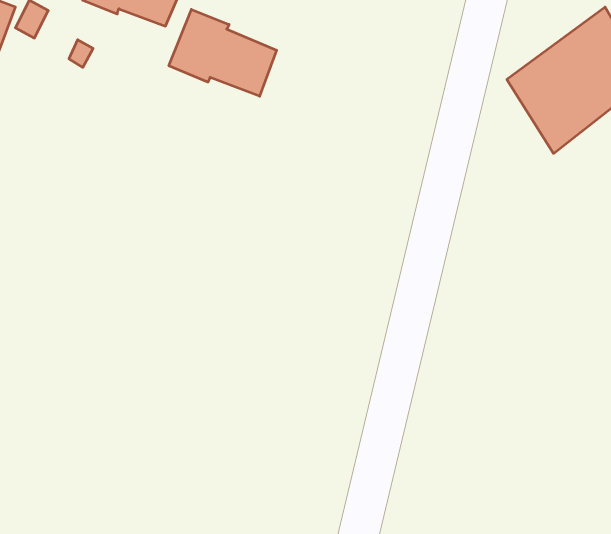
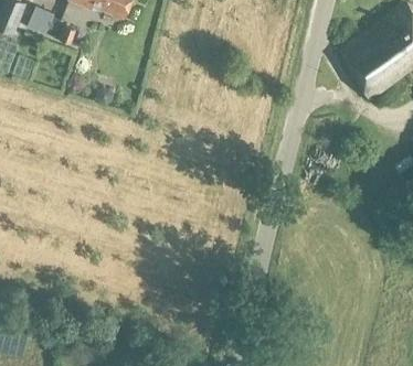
building: [169,9,277,96] -> none

